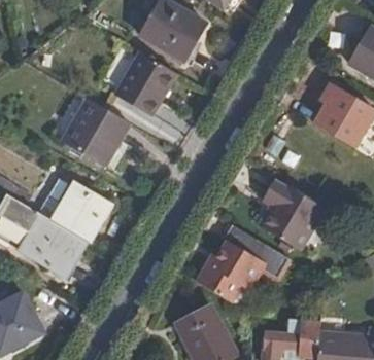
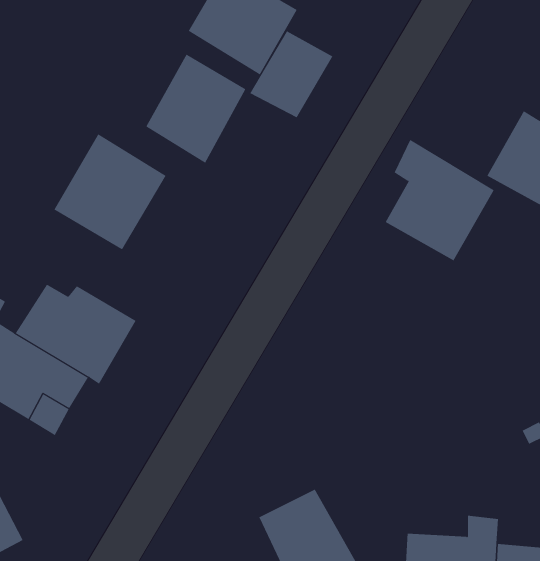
building: none -> [249,31,333,118]
building: [260,174,324,245] -> [385,139,495,261]
building: [198,220,288,294] -> none

